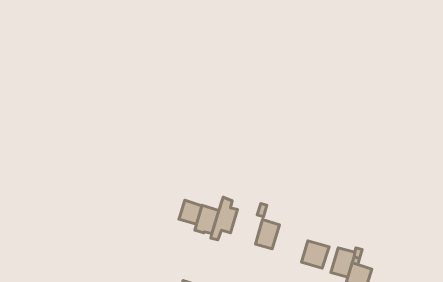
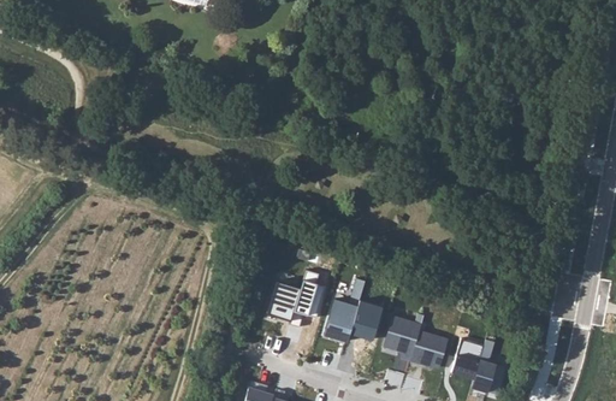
building: [179,200,202,224] -> none
building: none -> [322,300,356,343]
building: none -> [383,313,424,360]

